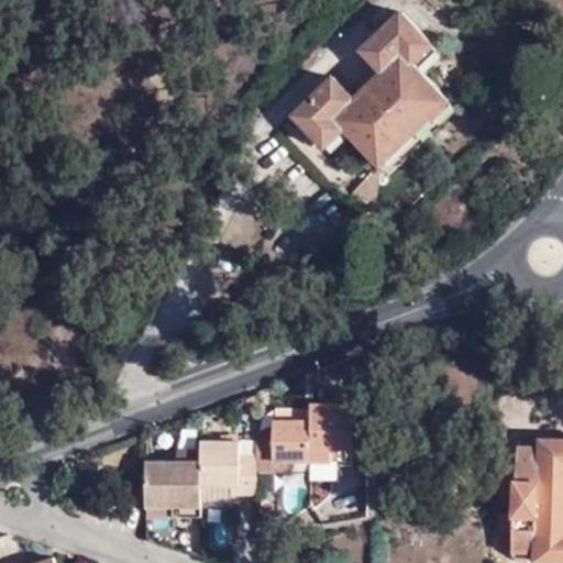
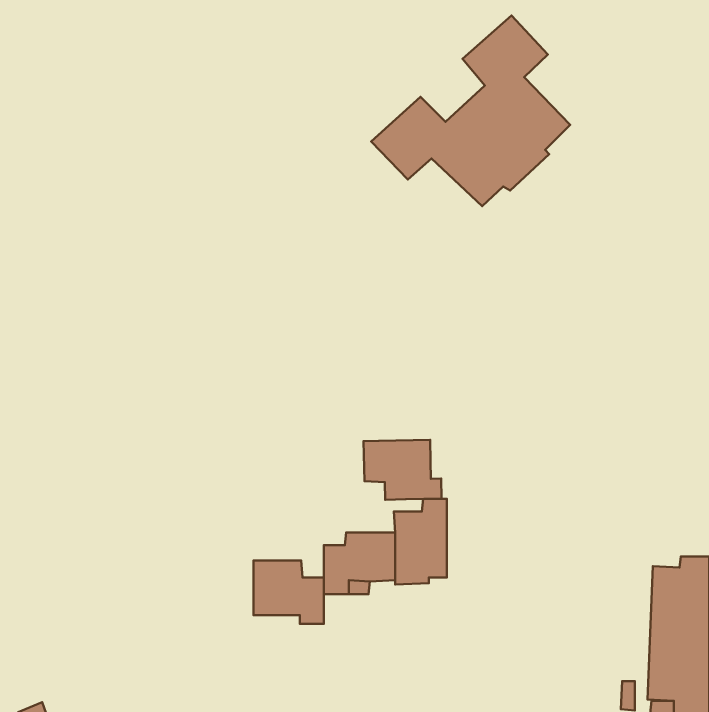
building: none -> [364,440,442,500]
building: [144,453,199,519] -> none

